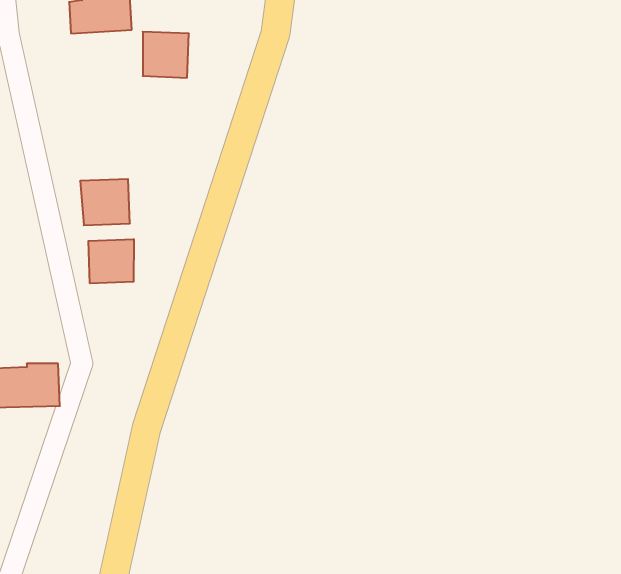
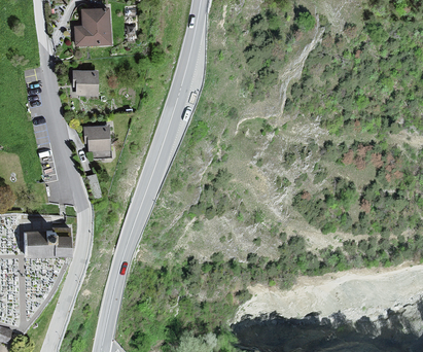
building: [143,32,189,78] -> [72,71,98,97]
building: [88,239,134,283] -> none

